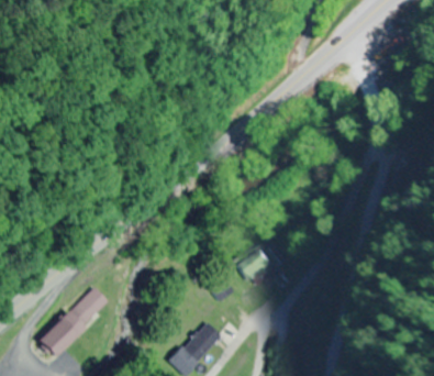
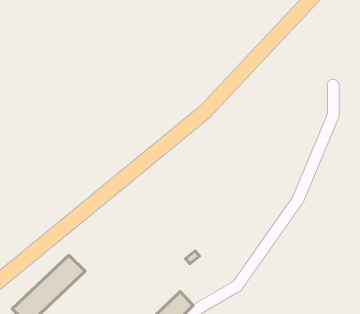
building: [235,248,269,283] -> none

